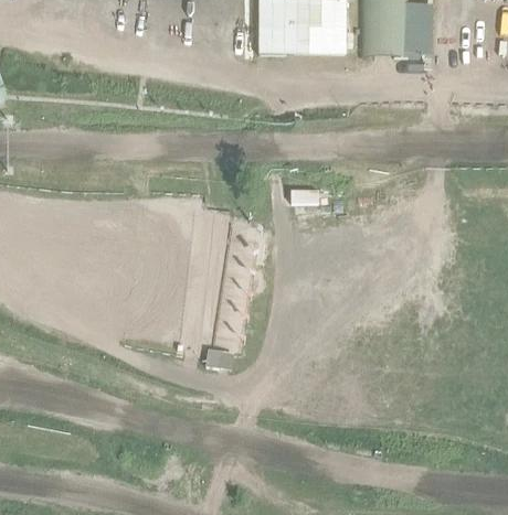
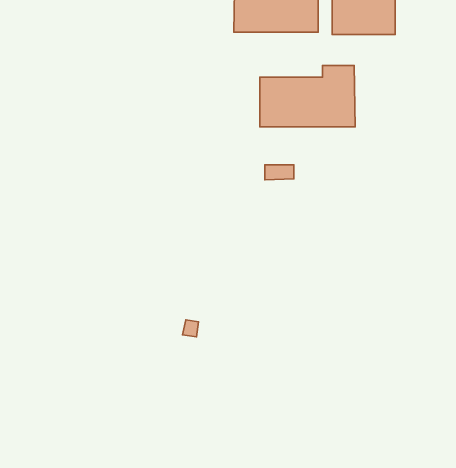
building: none -> [260,66,355,127]

